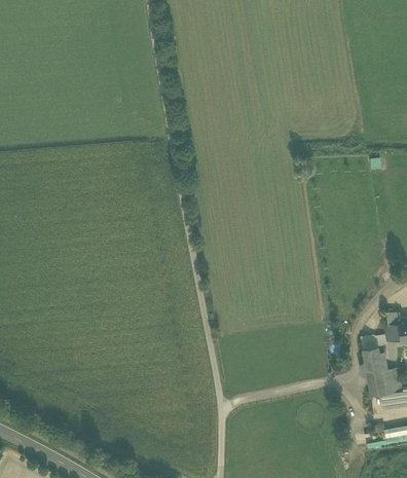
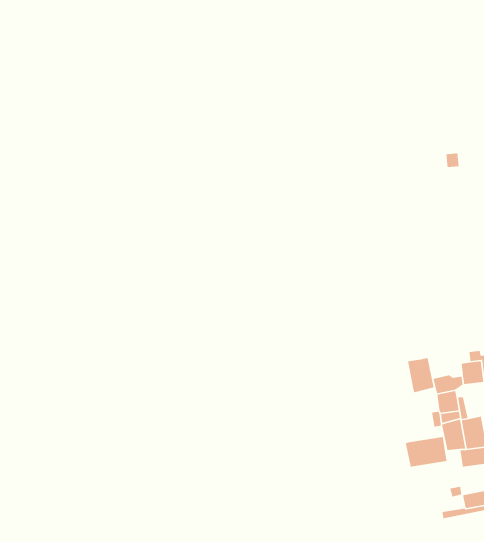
building: none -> [407,357,434,393]
building: none -> [405,436,447,468]

